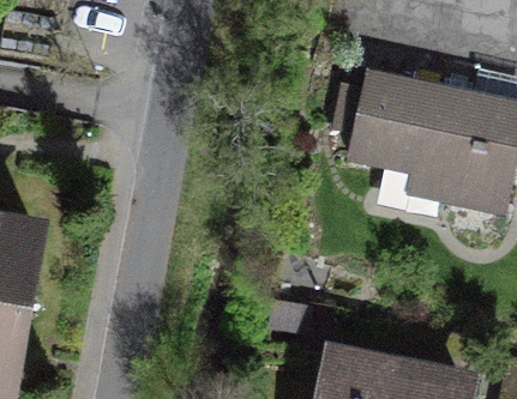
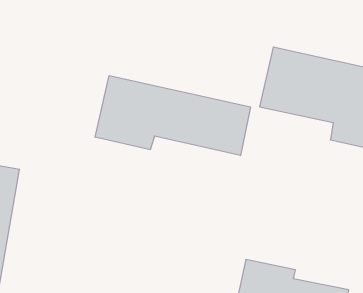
building: none -> [95,76,250,156]

